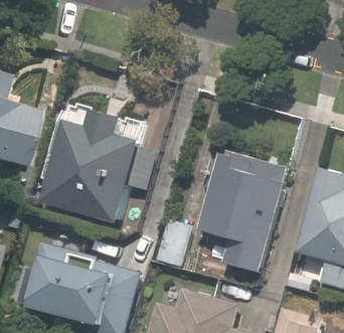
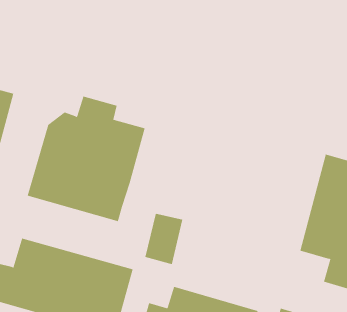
building: [199,147,292,273] -> none

